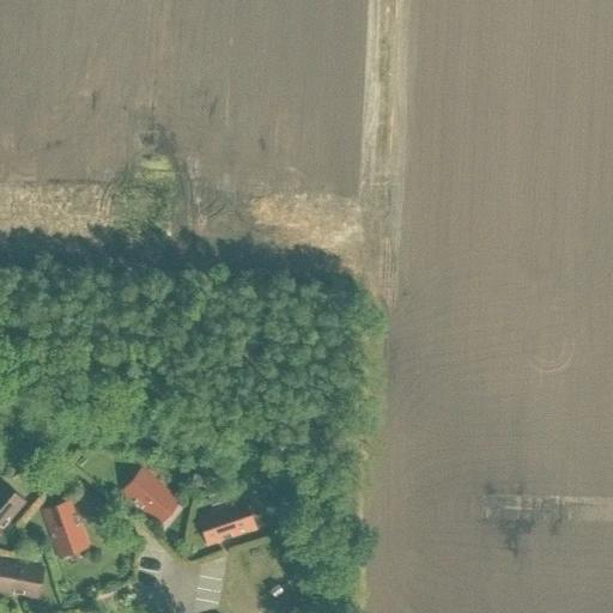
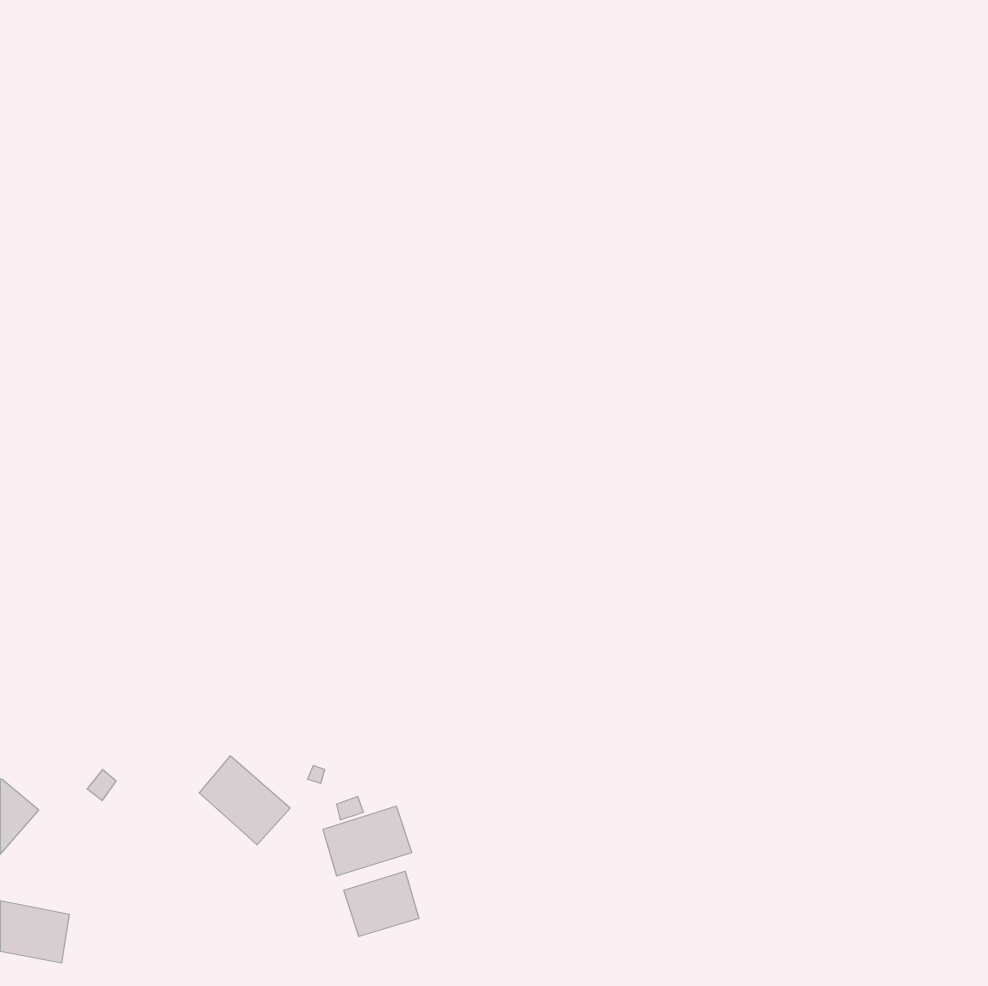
building: [43,502,87,557] -> none
building: none -> [344,871,419,937]

